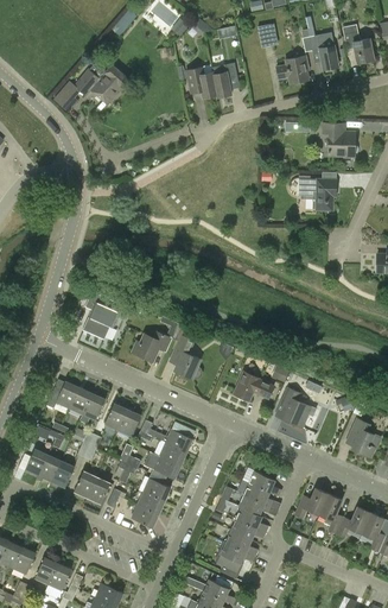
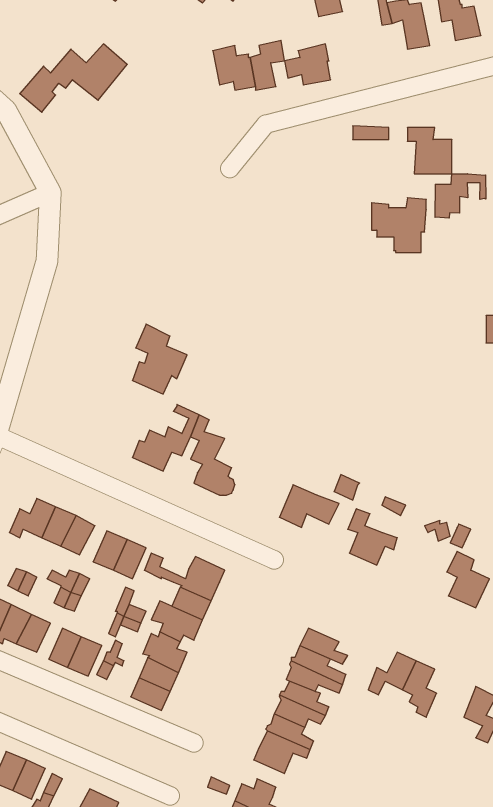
building: [276,56,309,84] -> [284,44,331,85]
building: none -> [435,174,486,218]
building: [83,291,121,340] -> [132,324,187,394]
building: [336,506,370,537] -> none

